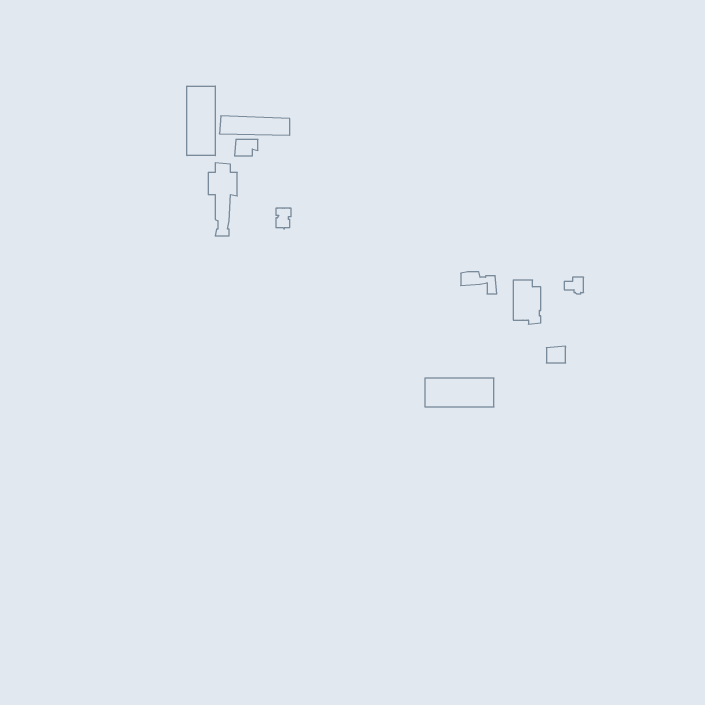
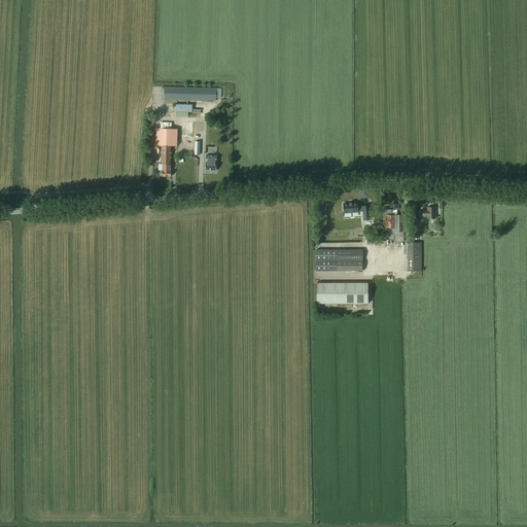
building: [187,86,215,156] -> none
building: none -> [316,249,362,271]

